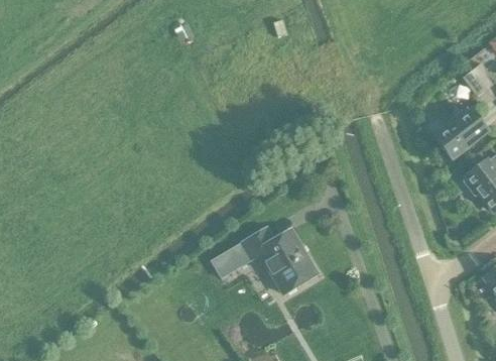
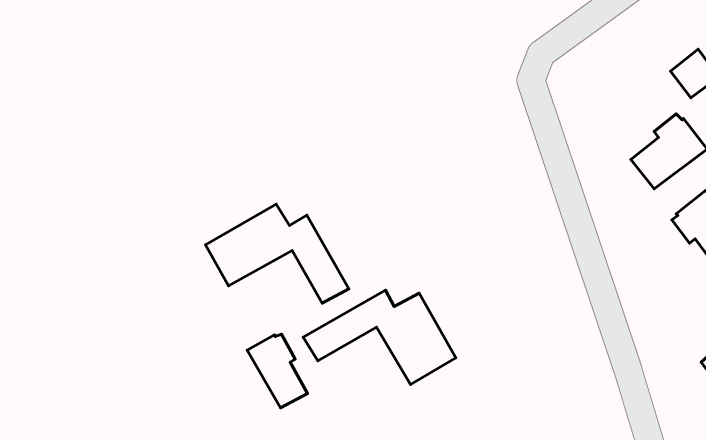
building: none -> [206,204,349,303]
building: none -> [247,334,307,408]

